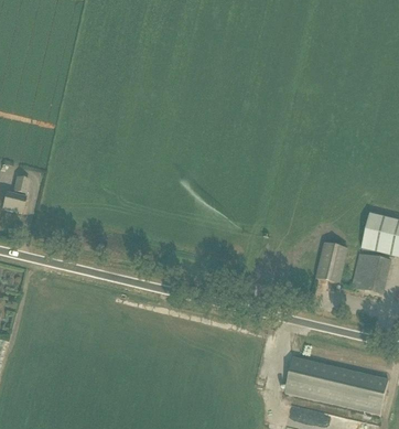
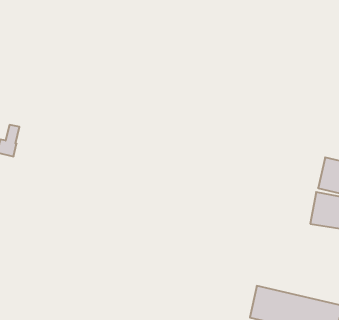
building: [314,242,346,282] -> none

